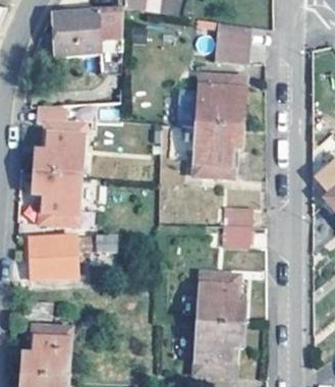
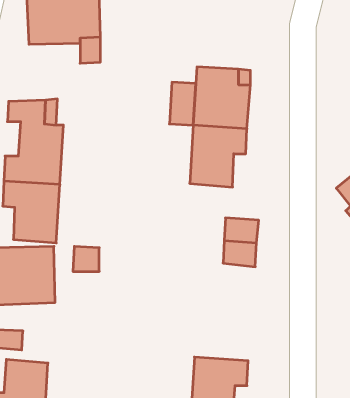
building: [213,23,248,60] -> none
building: [197,273,244,327] -> none

